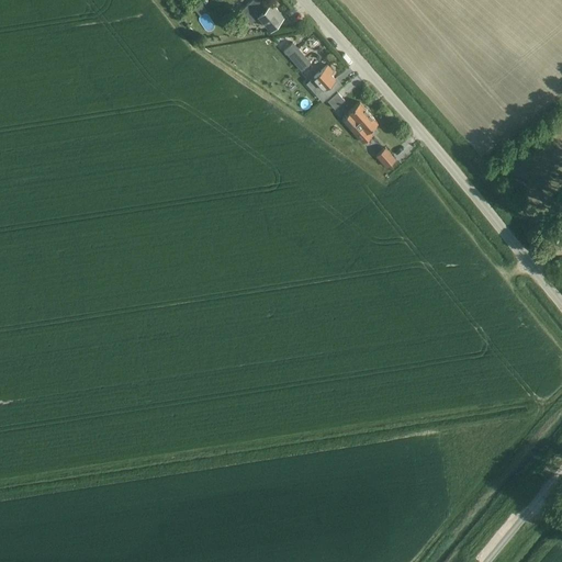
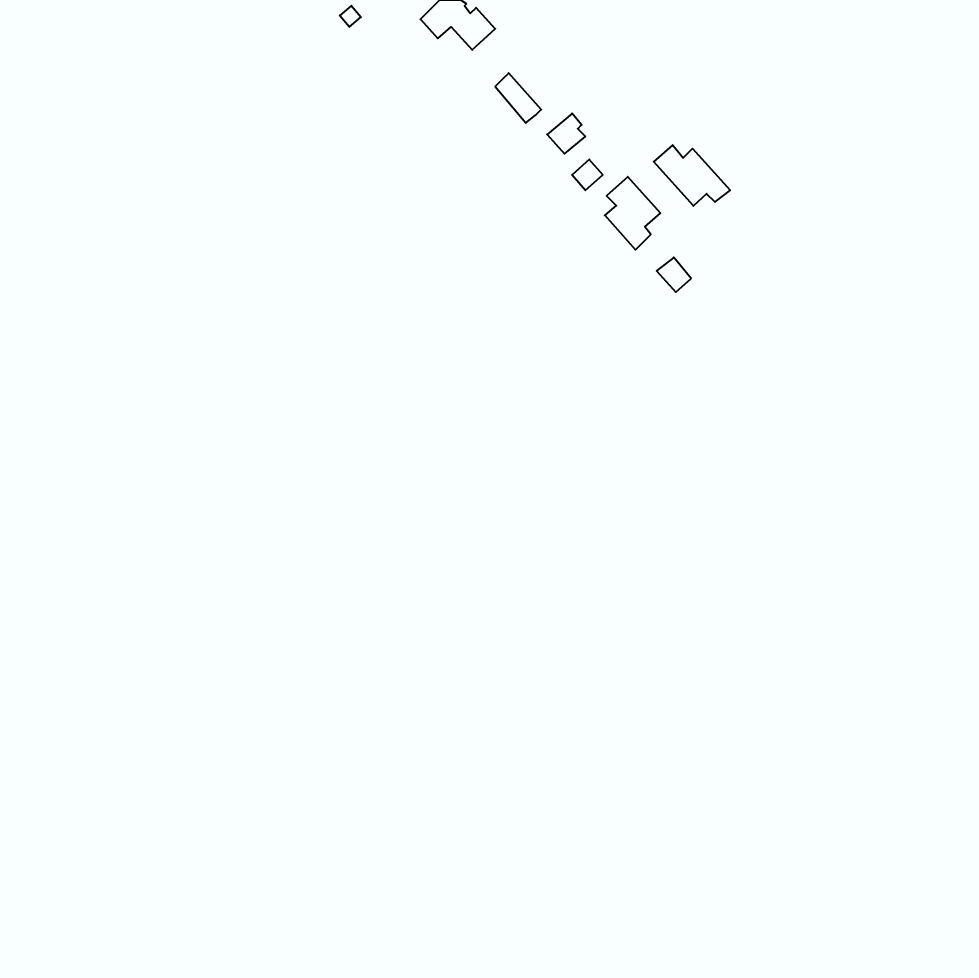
building: none -> [654,145,730,206]

